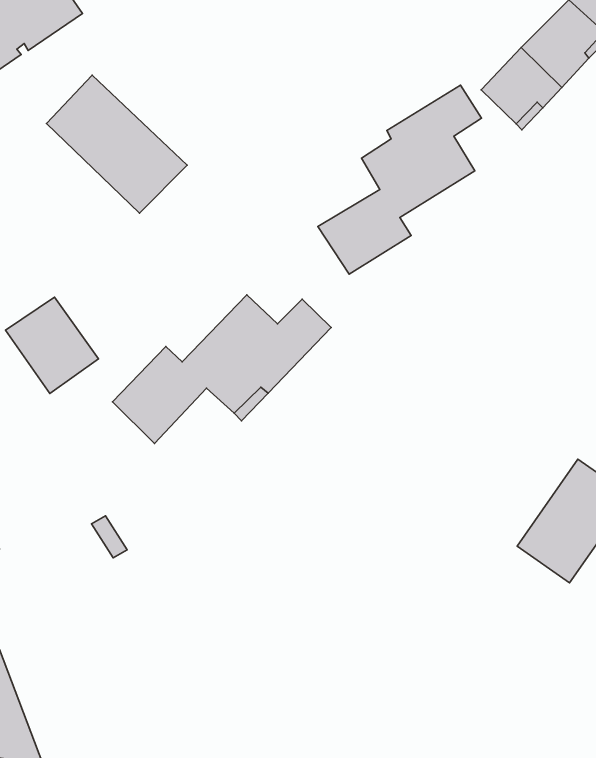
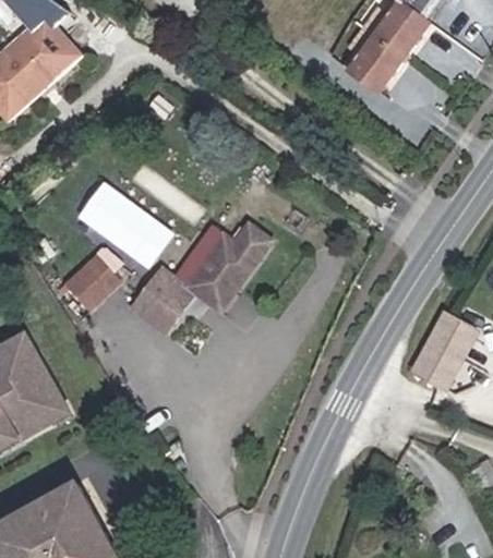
building: [46,75,187,213] -> [81,179,178,266]
building: [318,85,482,274] -> none

